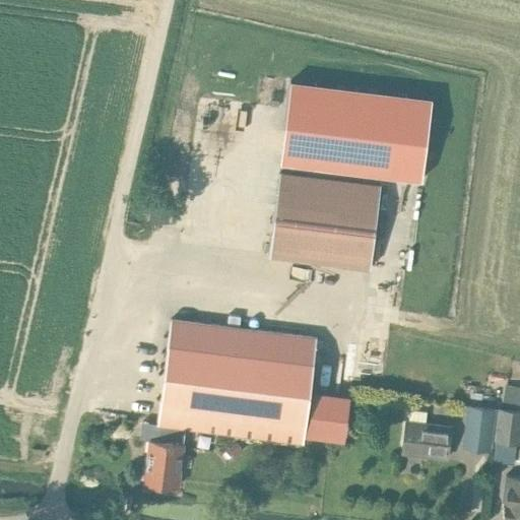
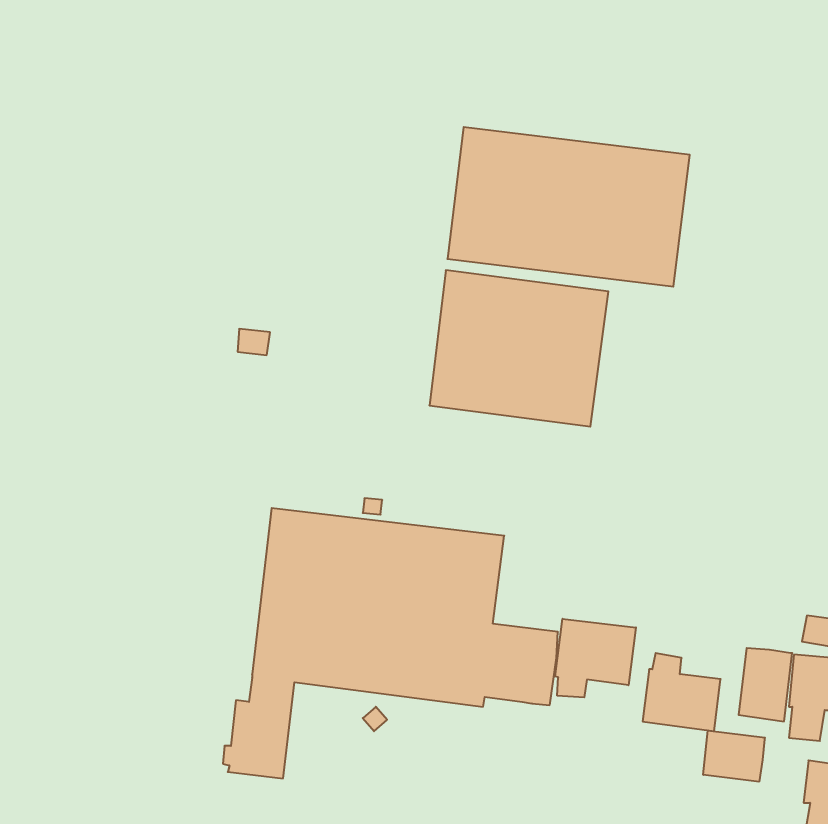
building: none -> [555,619,636,697]
building: none -> [703,730,765,782]

